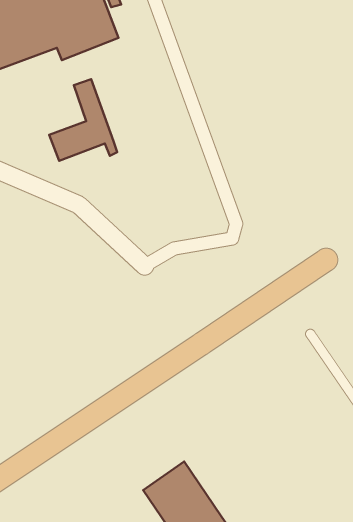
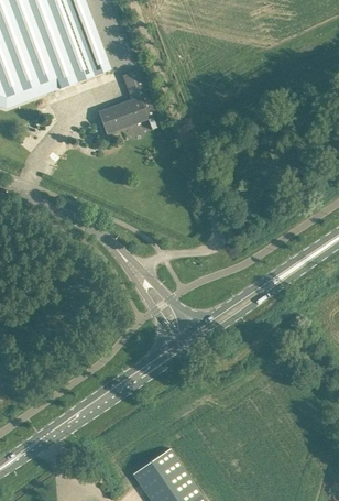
building: [49,79,117,161] -> [97,62,157,134]

